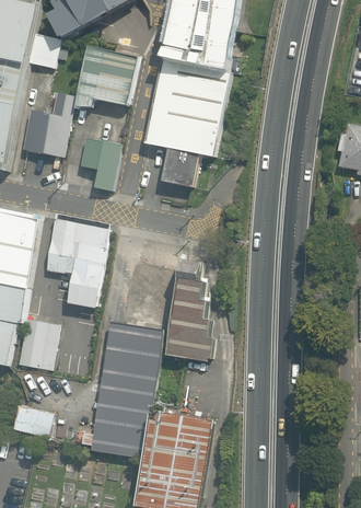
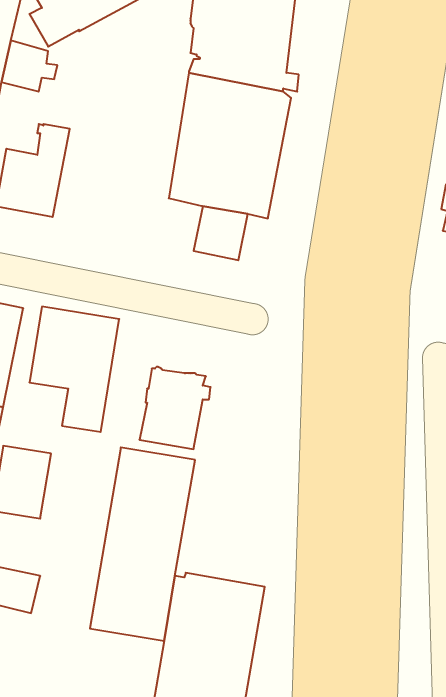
building: [74,45,137,106] -> none
building: [81,138,121,190] -> none
building: [168,259,216,360] -> none

